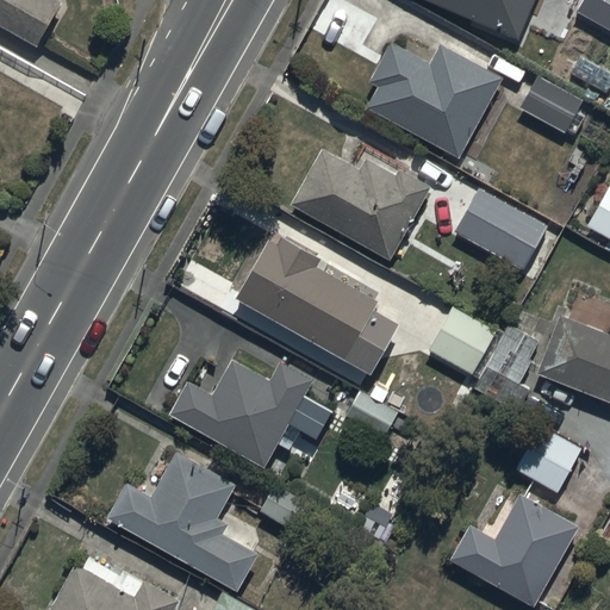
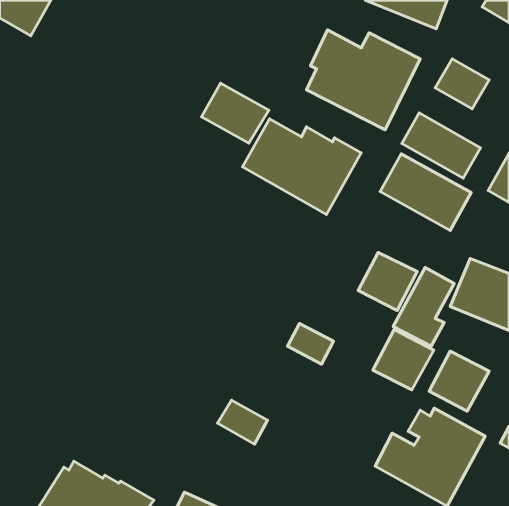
building: none -> [201,83,269,143]
building: none -> [402,113,480,178]
building: [236,236,399,372] -> none
building: [167,356,335,472] -> none
building: none -> [373,329,434,390]
building: [107,449,260,590] -> none

